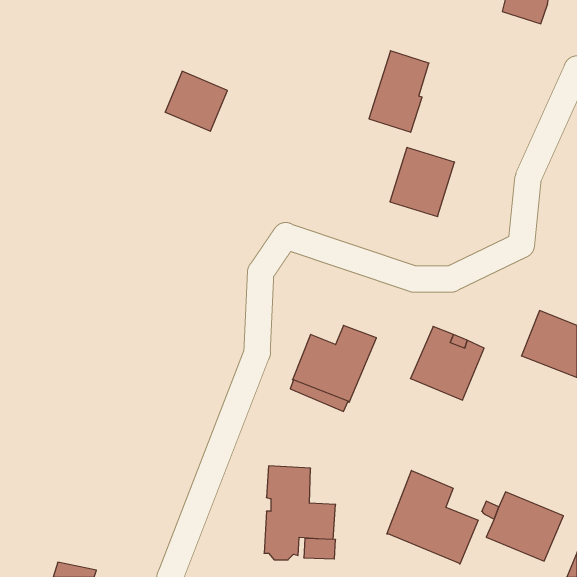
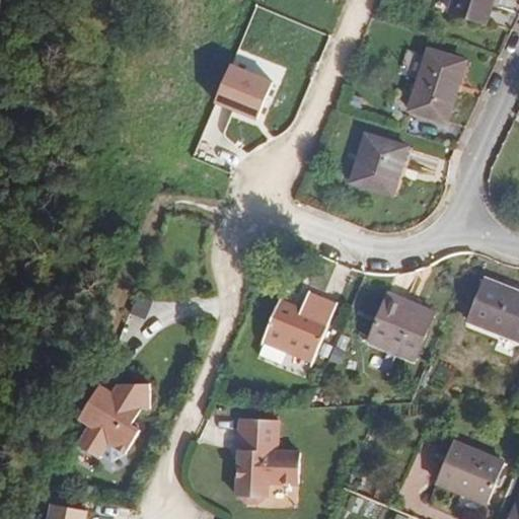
building: [369,51,429,132] -> [407,48,461,121]
building: [165,71,227,131] -> [216,62,272,116]
building: none -> [76,382,148,460]
building: [387,470,478,564] -> none

